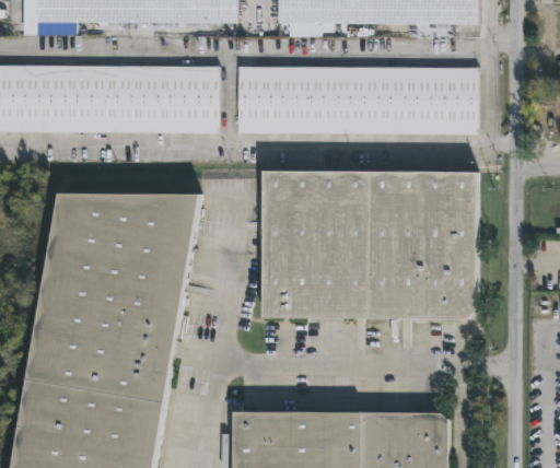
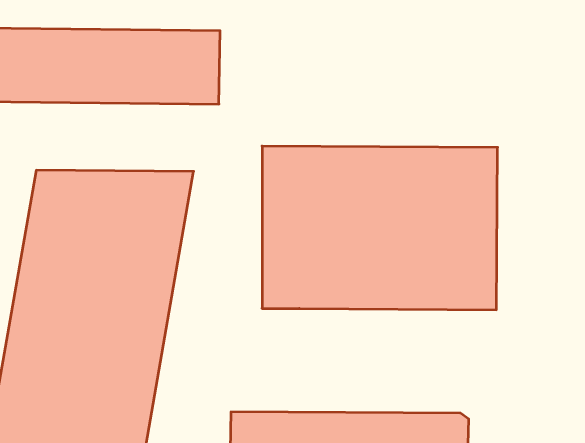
building: [240,66,480,134] -> none

